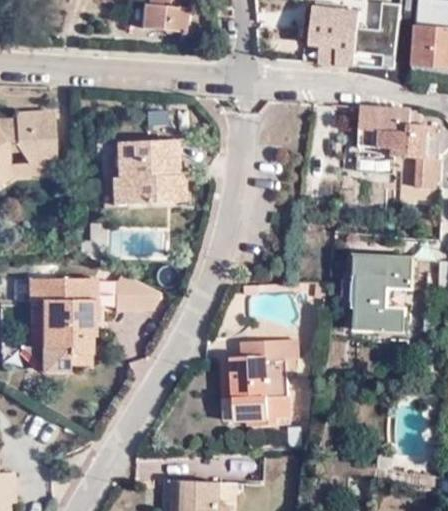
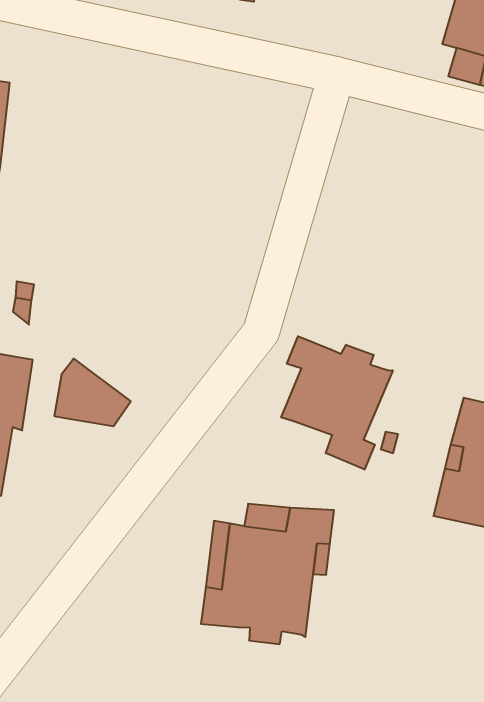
building: [109,139,177,205] -> none
building: none -> [281,336,393,470]

